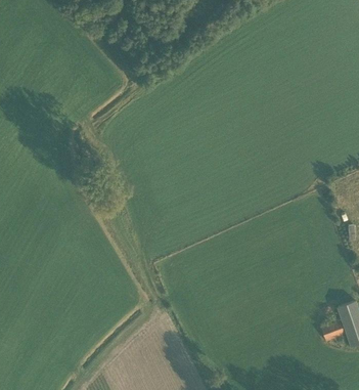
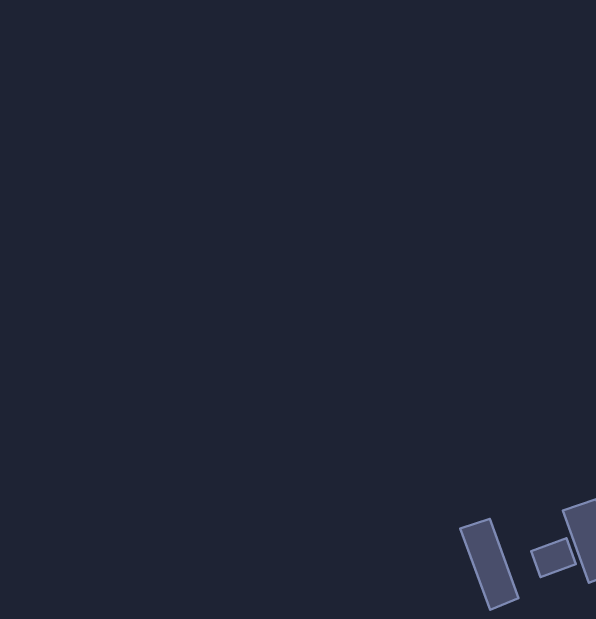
building: none -> [460,519,518,610]

